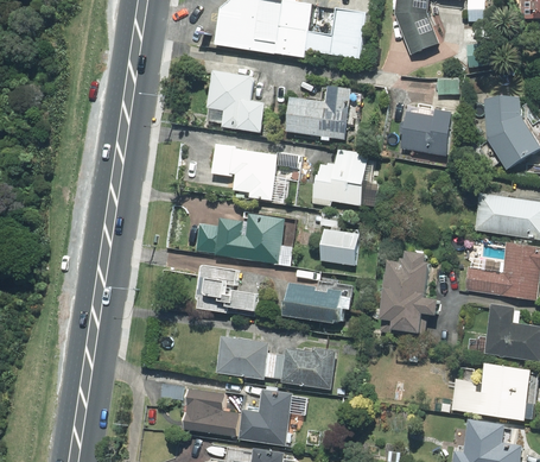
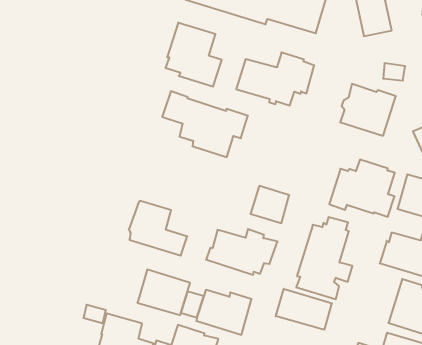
building: [311,151,379,207] -> [329,160,395,217]
building: [195,211,296,265] -> none
building: none -> [276,289,332,330]

